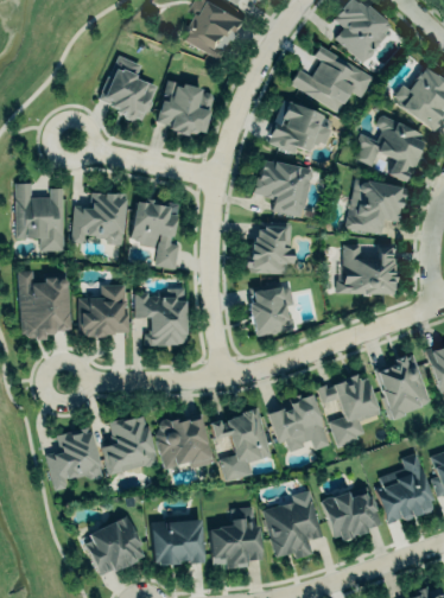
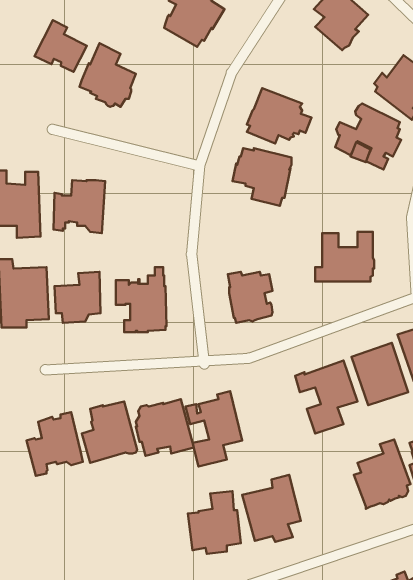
building: none -> [35,20,87,72]
building: [287,45,368,112] -> none
building: [157,79,215,134] -> none
building: [347,179,406,235] -> none
building: [127,198,176,269] -> none
building: [247,223,292,274] -> none
building: [269,393,330,451] -> none
building: [323,488,380,541] -> none
building: [85,516,145,575] -> none
building: [151,517,205,565] -> none

